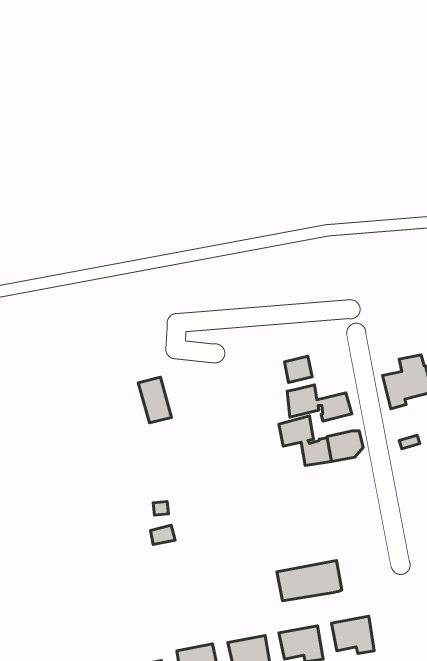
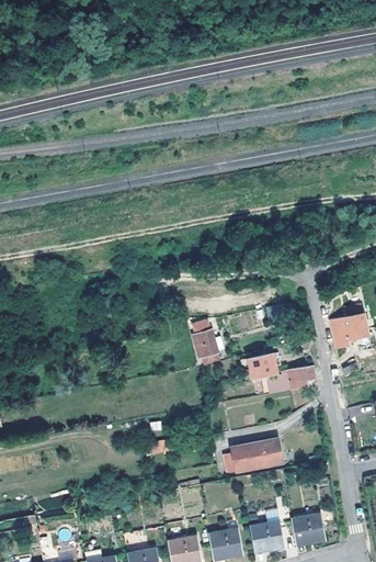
building: [138,377,171,423] -> [191,322,217,358]
building: [287,385,352,421] -> none
building: [277,561,342,601] -> [231,439,283,471]

